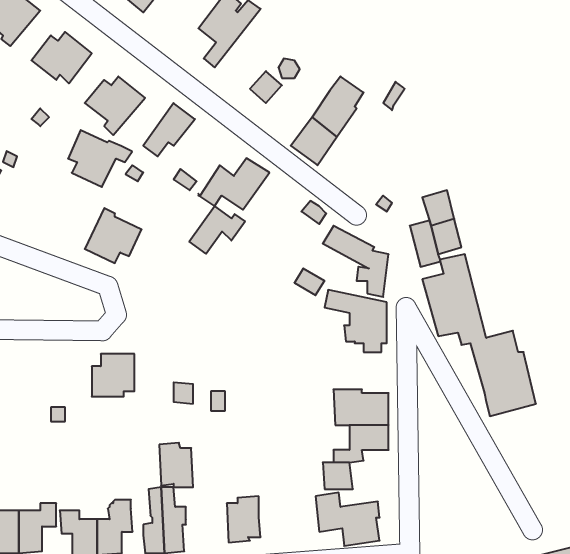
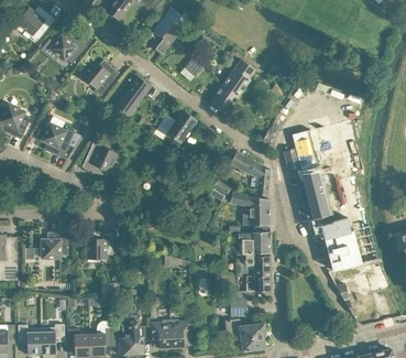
building: [68,130,132,187] -> [42,122,81,158]
building: [189,206,245,254] -> none
building: none -> [239,230,271,253]
building: none -> [42,231,68,258]
building: [159,443,193,487] -> [151,321,172,348]

